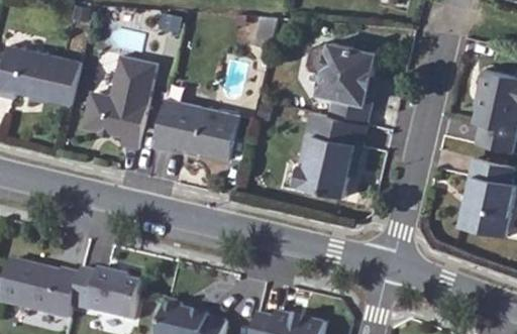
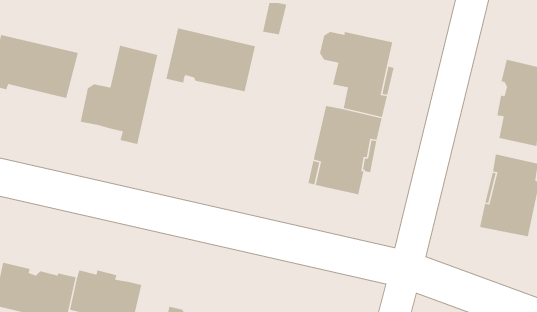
building: [153,97,238,157] -> [166,28,256,92]

